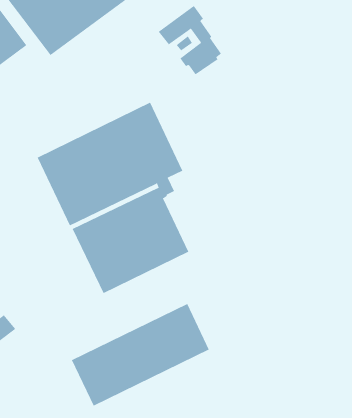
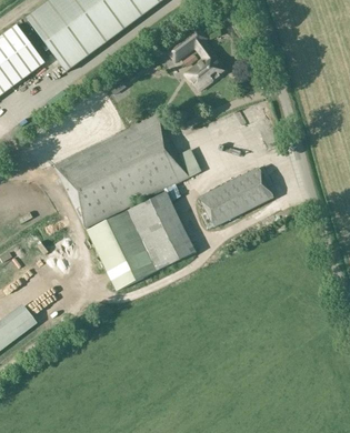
building: none -> [198,167,273,228]
building: [71,303,209,406] -> none

